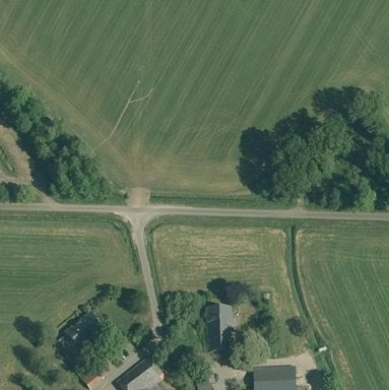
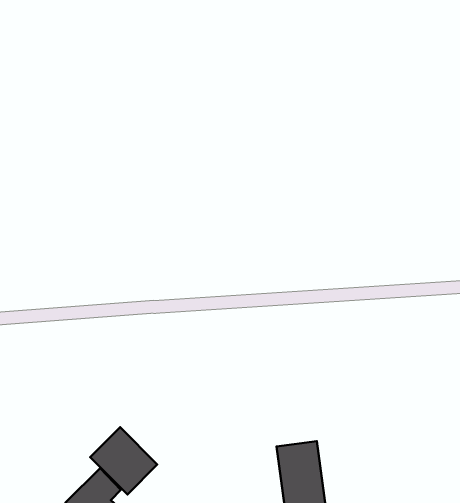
building: none -> [90,427,157,495]

